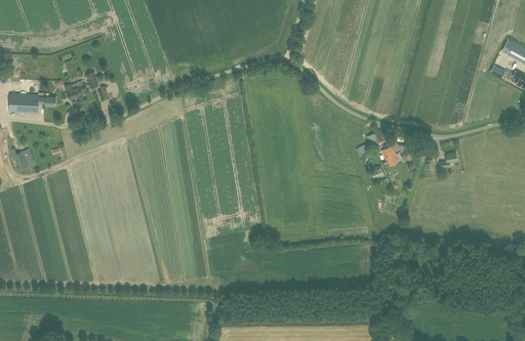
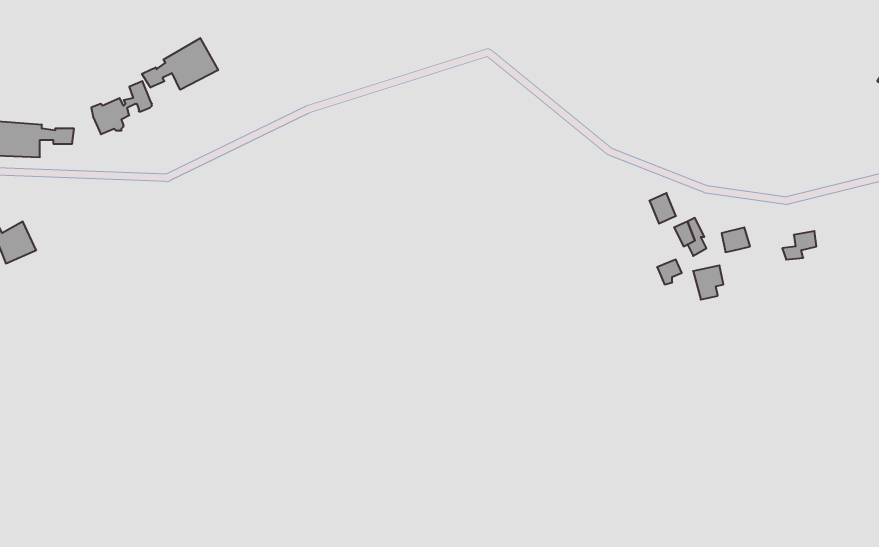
building: none -> [142,38,218,90]

